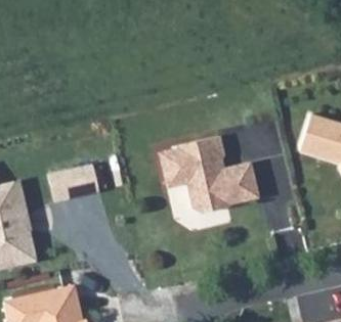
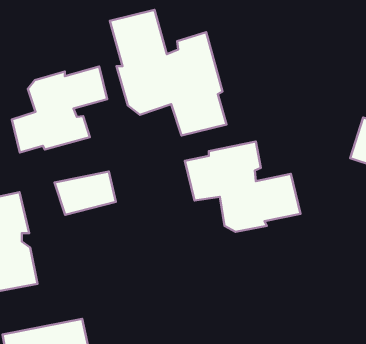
building: none -> [110,10,226,135]
building: none -> [12,66,107,152]

